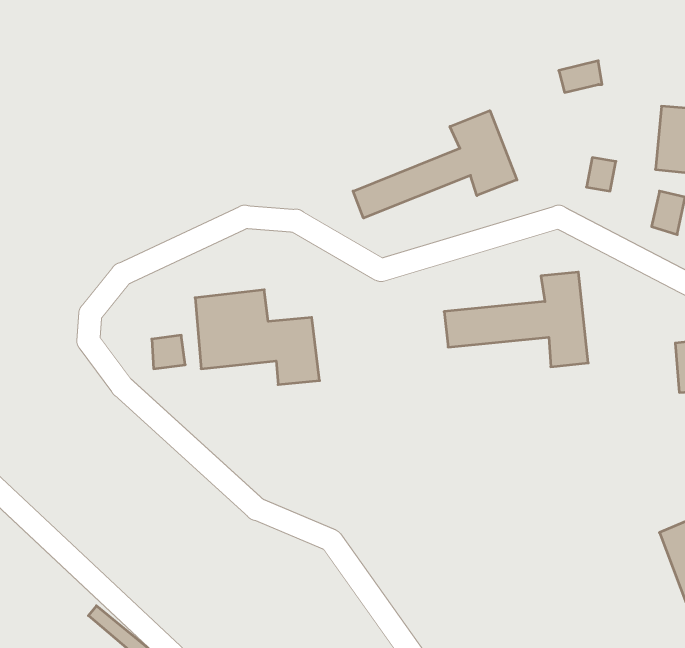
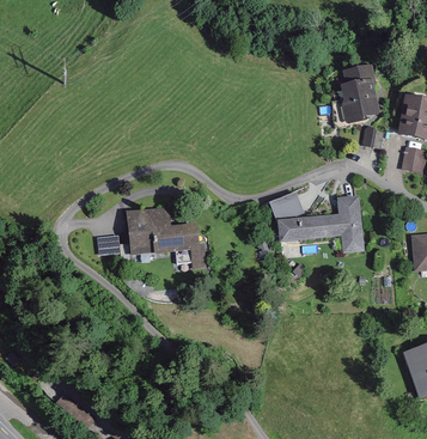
building: none -> [342,81,372,116]
building: [353,111,517,218] -> none
building: none -> [267,190,301,219]

